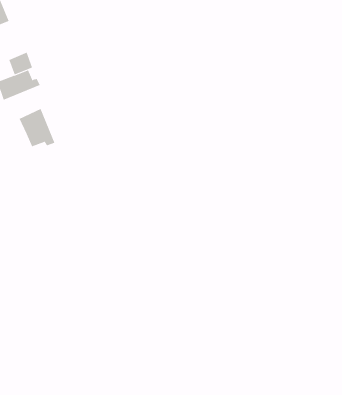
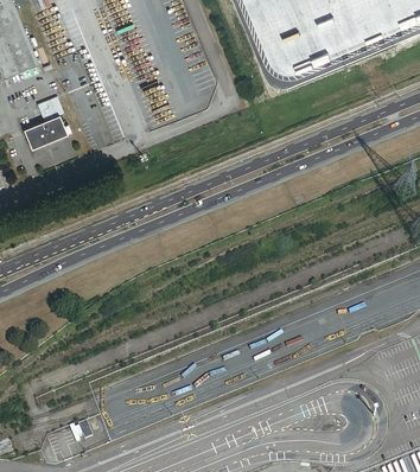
building: [19,108,55,147] -> none

